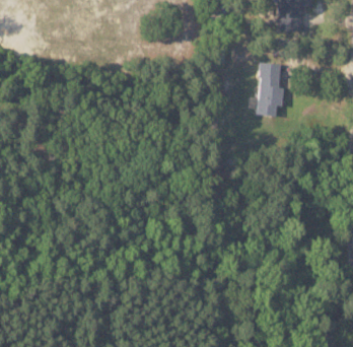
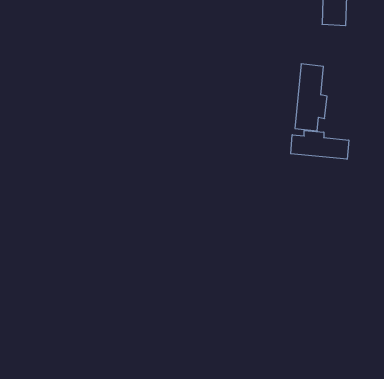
building: none -> [291,131,349,159]

